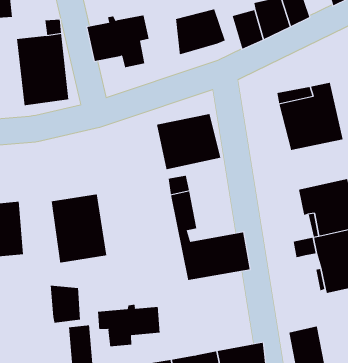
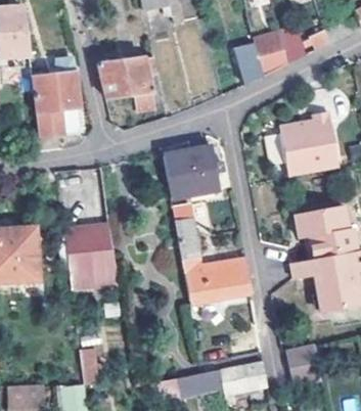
building: [175,8,225,55] -> none
building: [50,285,80,324] -> none
building: [98,304,160,347] -> none

